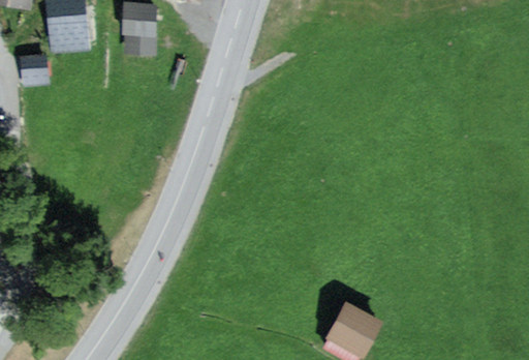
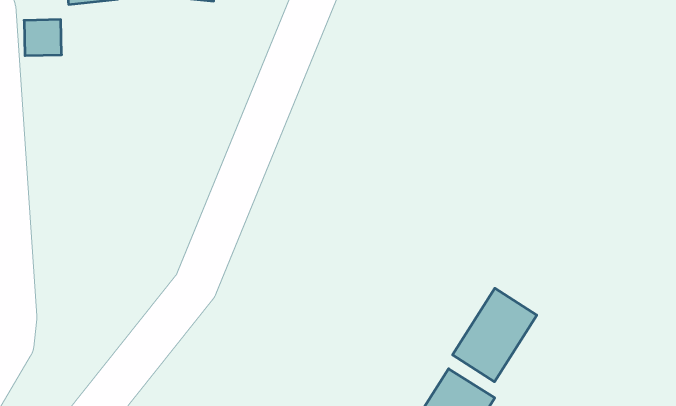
building: none -> [453,288,537,382]

